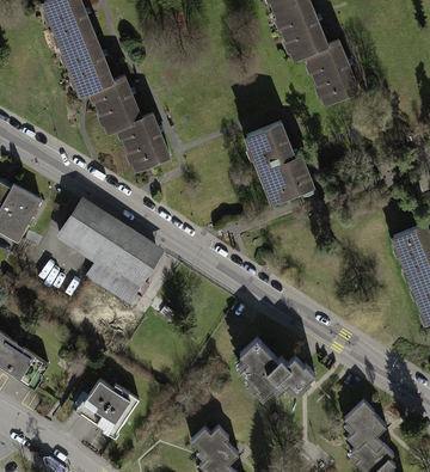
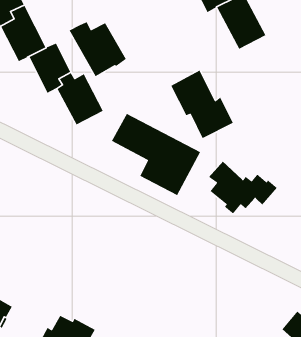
building: none -> [69,21,127,78]
building: [59,204,158,302] -> [111,113,201,196]
building: [239,338,315,399] -> [208,161,278,215]

